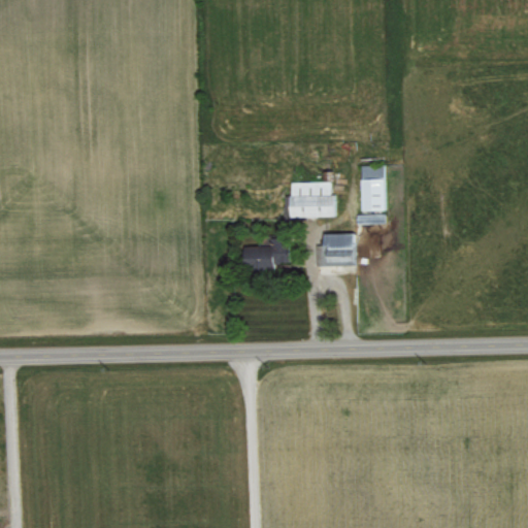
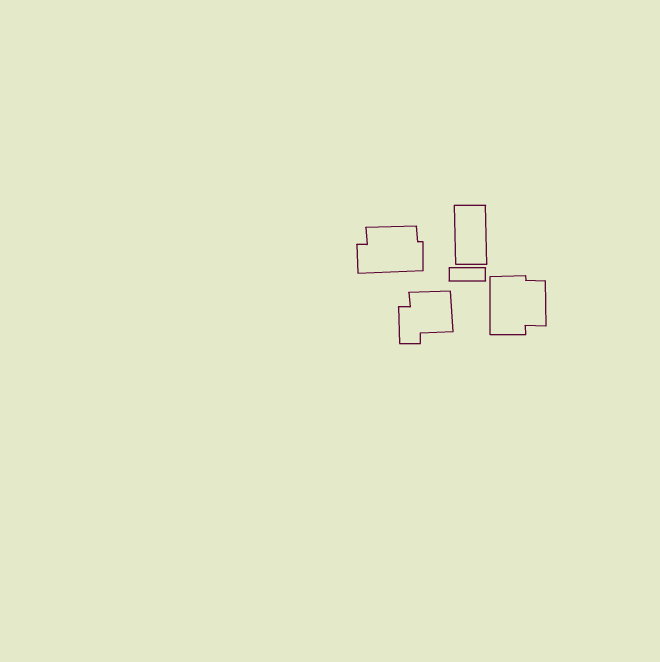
building: none -> [490,276,546,335]
building: [246,237,289,270] -> none

